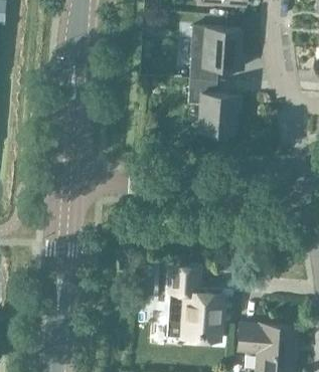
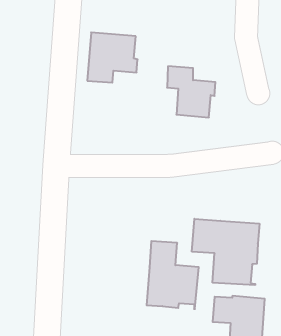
building: [189,25,244,79] -> [87,32,138,83]
building: none -> [192,219,259,285]

